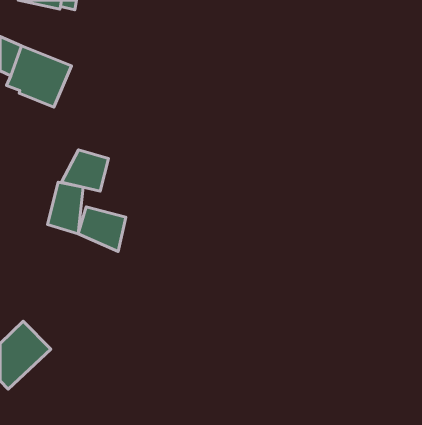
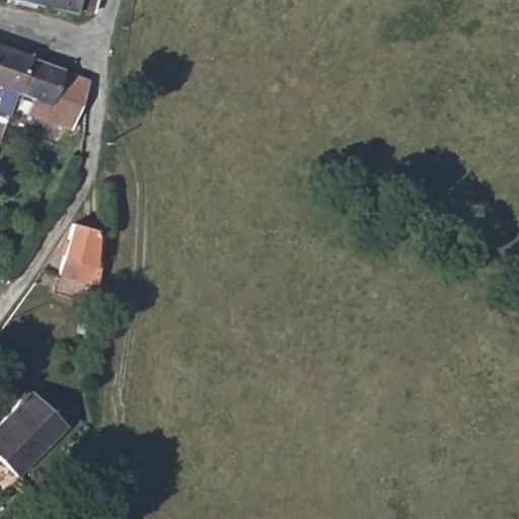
building: [62,150,109,191] -> none
building: [78,207,126,252] -> none

